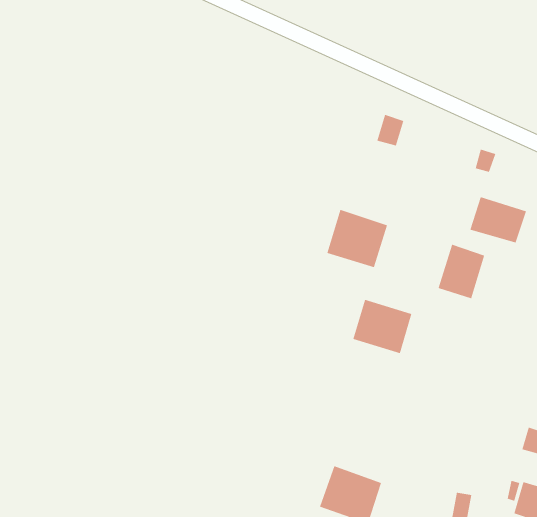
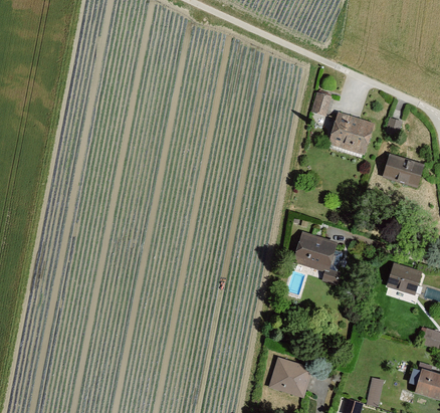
building: [327,209,388,268] -> [328,112,375,156]
building: [438,244,485,299] -> none
building: none -> [387,261,424,295]

